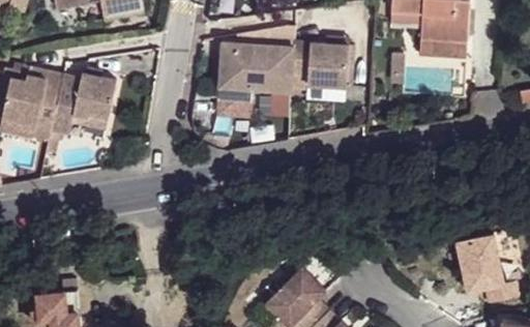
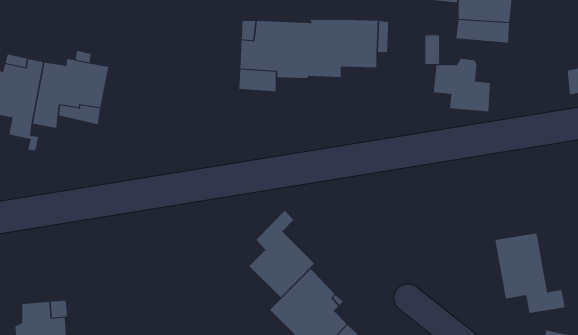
building: none -> [433,58,491,112]
building: none -> [249,210,315,298]

